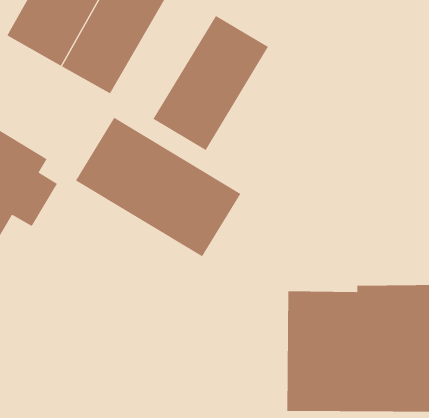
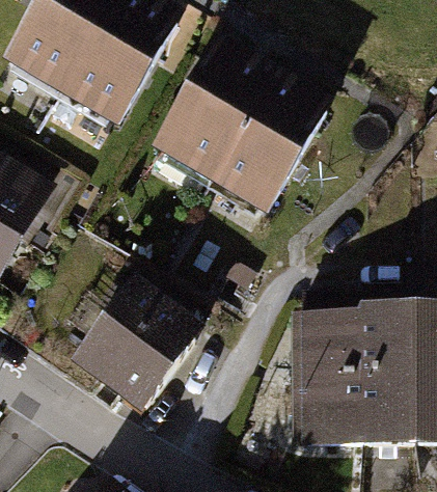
building: none -> [211,73,324,208]
building: [75,117,241,257] -> none
building: none -> [64,278,201,418]

